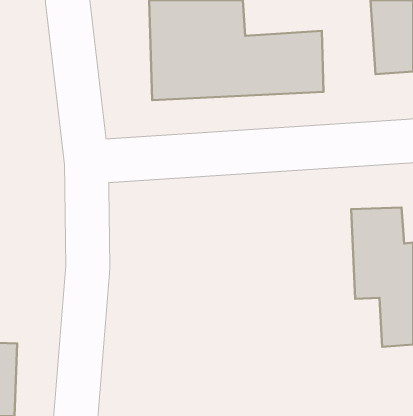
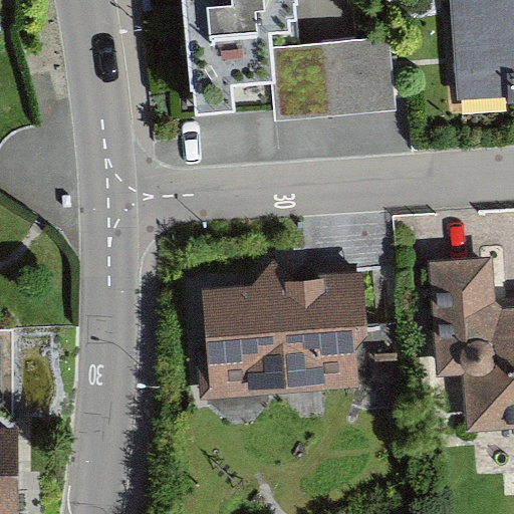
building: none -> [192,255,365,397]

